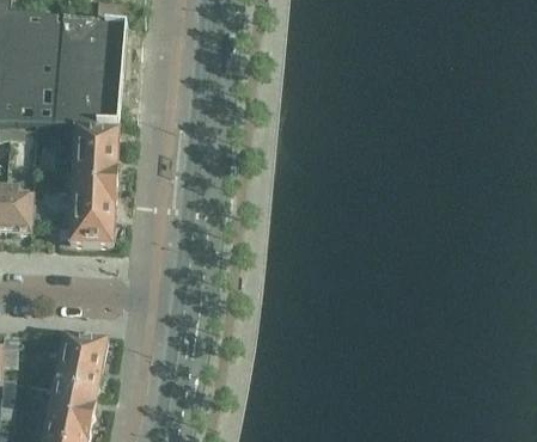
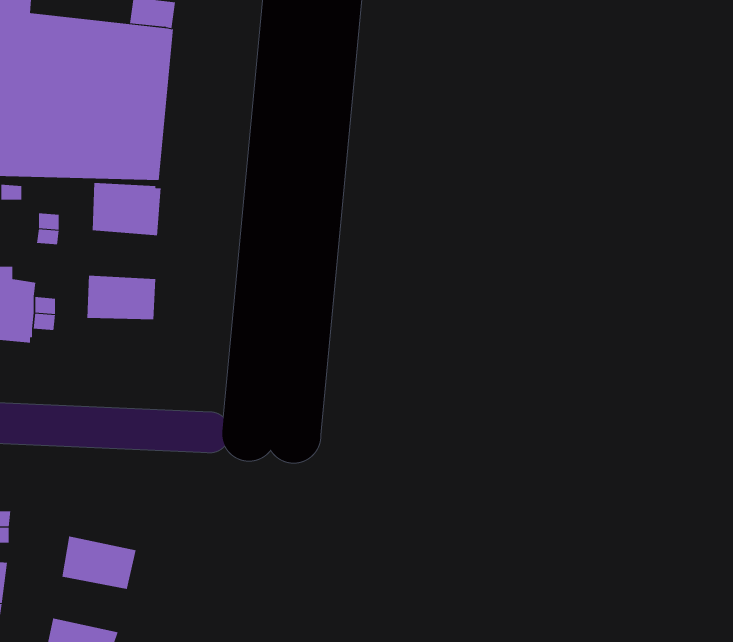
building: [68,158,115,190] -> none
building: [66,216,112,245] -> none
building: [55,336,106,372] -> none
building: [44,389,94,426] -> none

